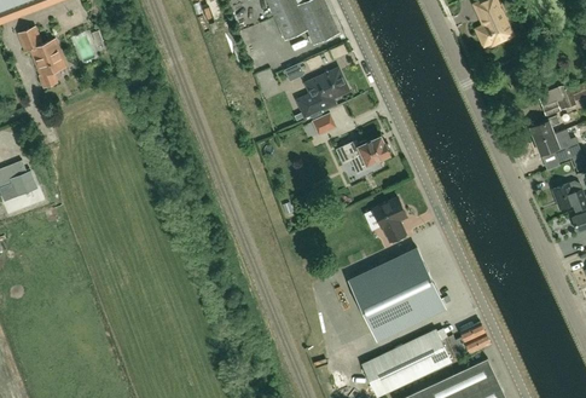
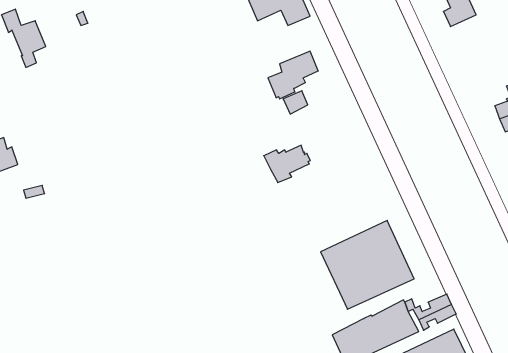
building: [342,135,390,174] -> [264,145,310,183]
building: [372,198,406,242] -> none

